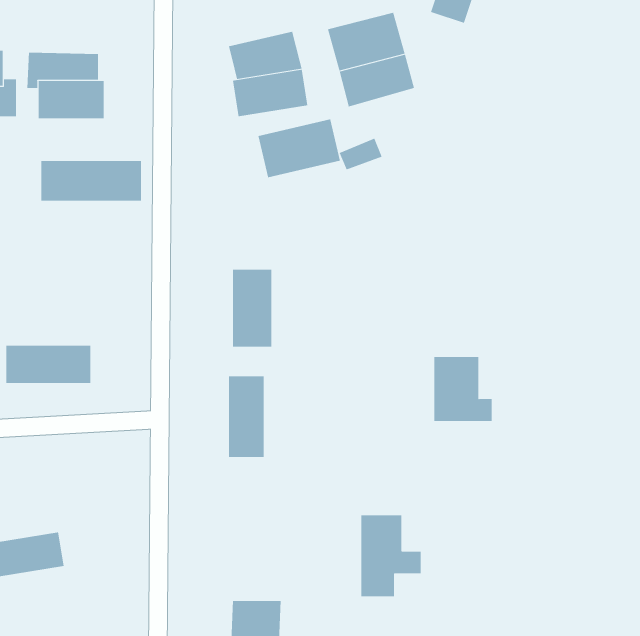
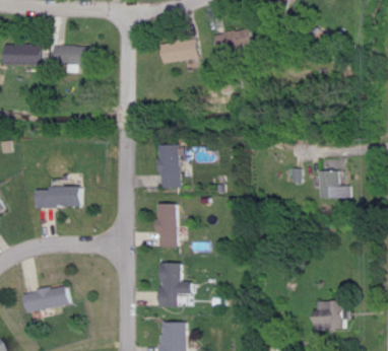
building: [258,118,341,178] -> none
building: [41,160,142,202] -> none
building: [433,357,492,421] -> [317,166,348,201]
building: [360,515,421,597] -> [157,266,190,309]
building: none -> [312,303,344,333]

